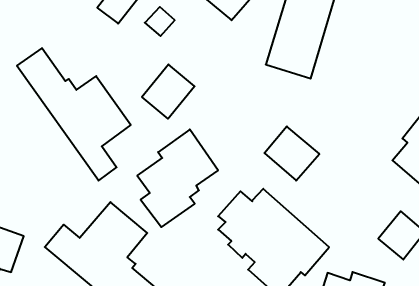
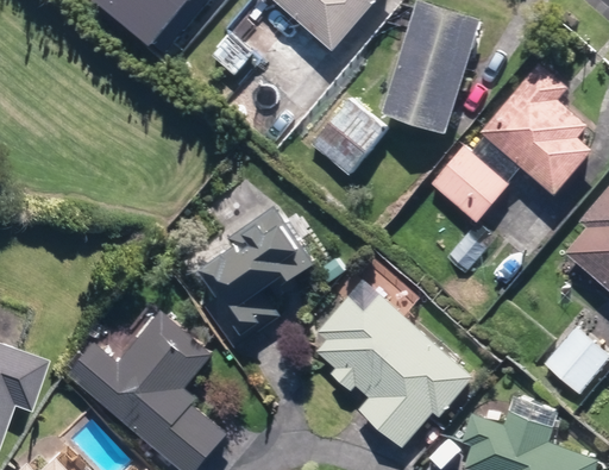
building: none -> [479,64,592,196]
building: [17,48,131,181] -> none
building: [142,64,195,119] -> [312,98,387,175]
building: [264,126,319,181] -> [431,146,509,224]

